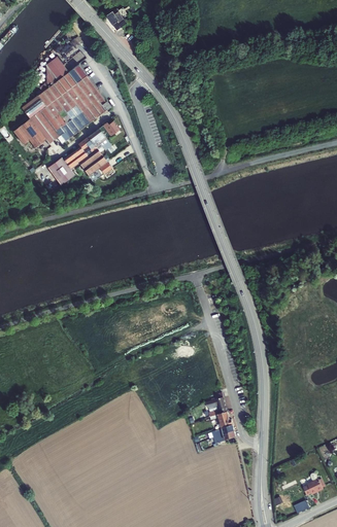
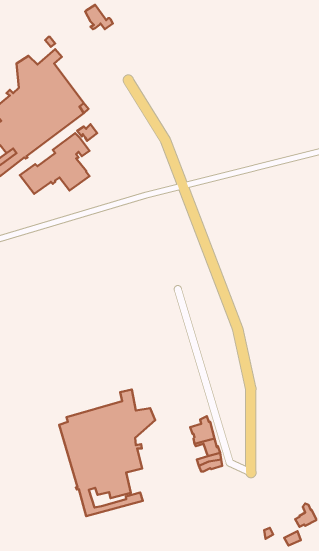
building: none -> [59,390,155,516]

